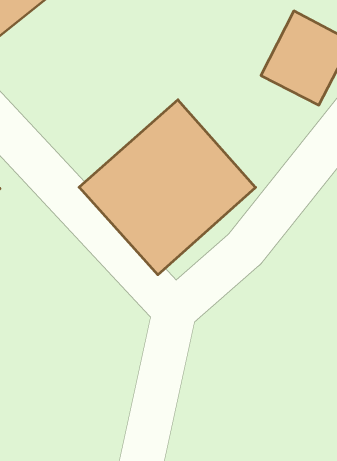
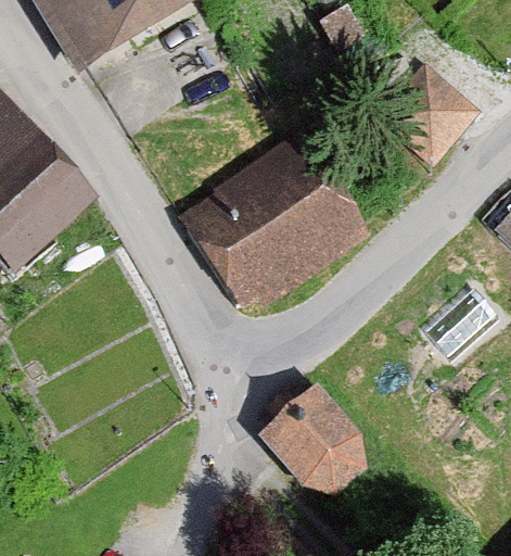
building: none -> [257,388,381,511]

